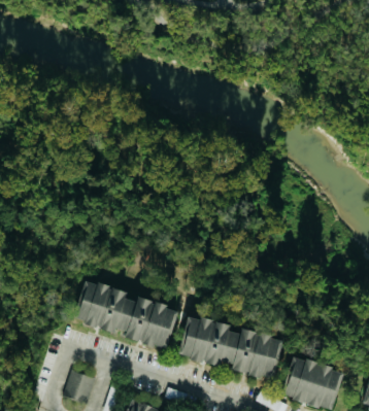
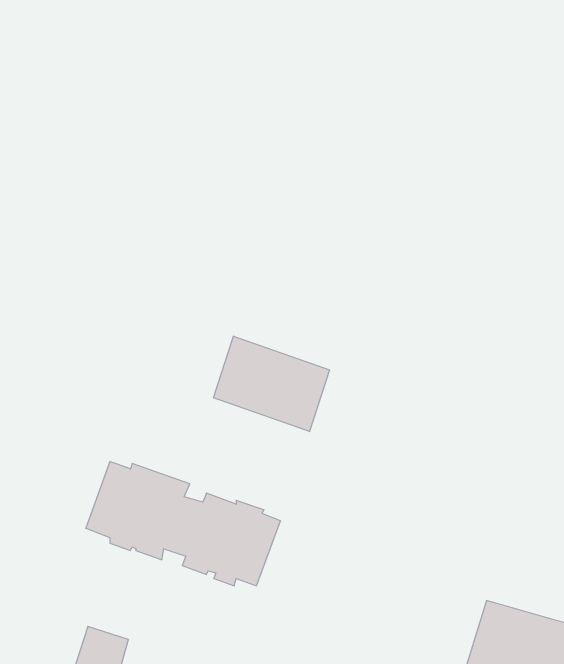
building: none -> [214,336,329,432]
building: [180,318,282,380] -> none

